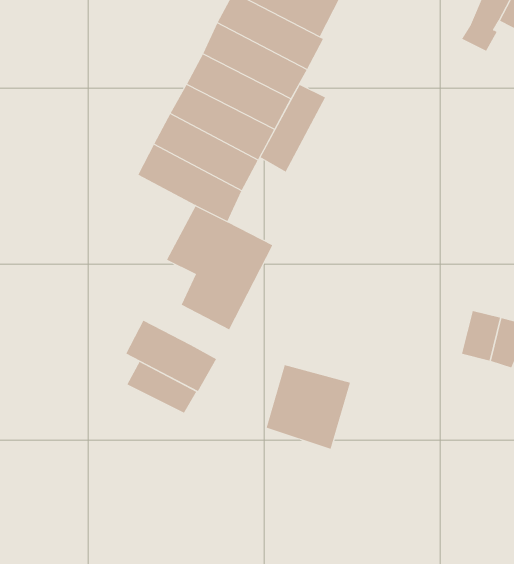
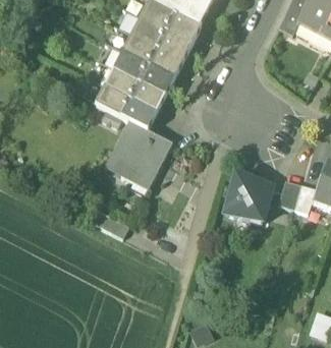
building: [260,84,326,173] -> none
building: [125,320,217,392] -> none
building: [266,364,351,449] -> [225,173,273,221]

